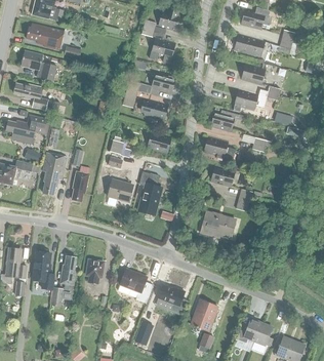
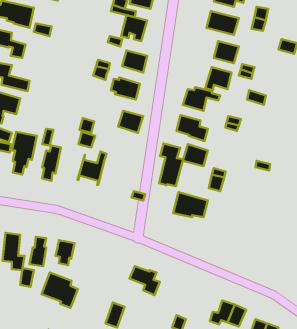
building: [137,171,161,213] -> [159,144,183,186]
building: [116,268,152,303] -> [41,272,78,308]
building: [190,298,217,330] -> none

